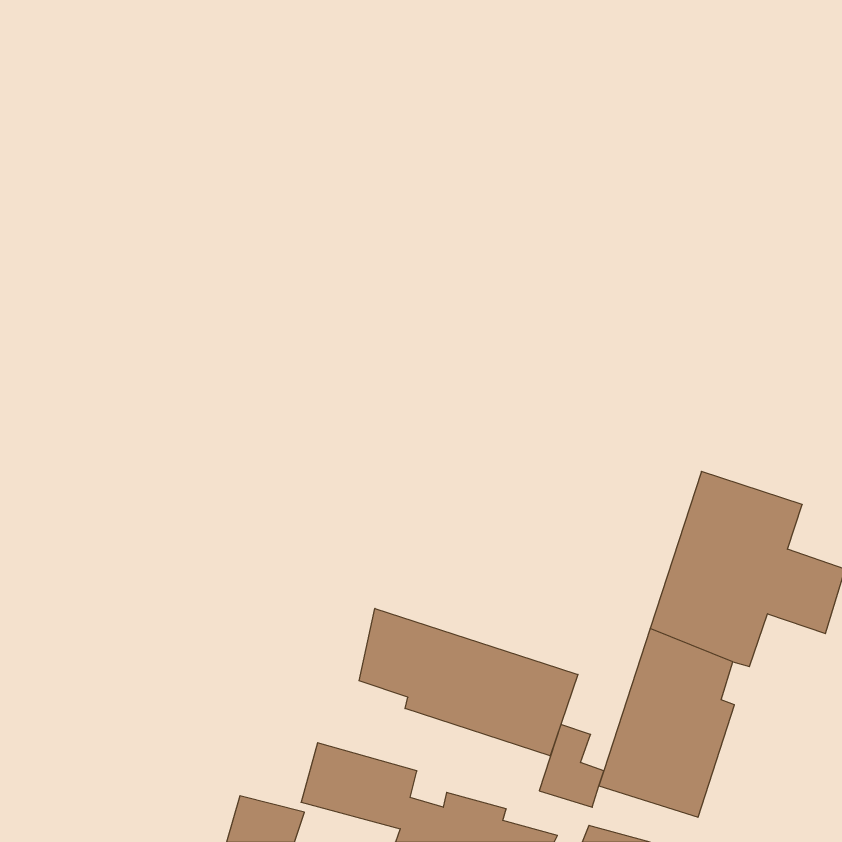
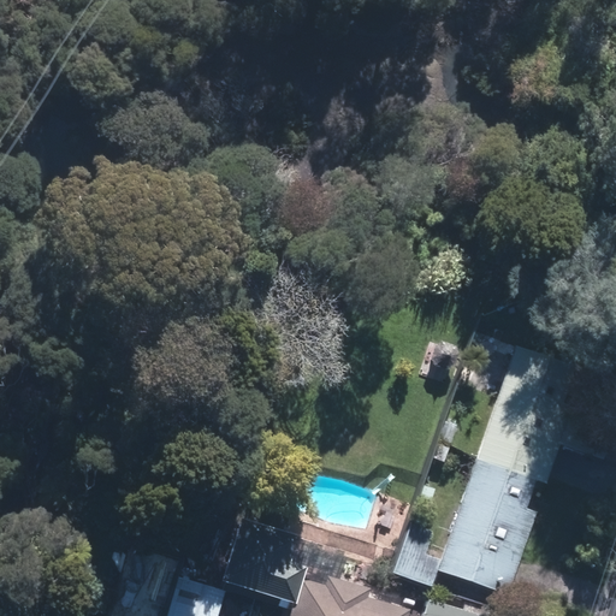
building: [359,608,578,756] -> none

